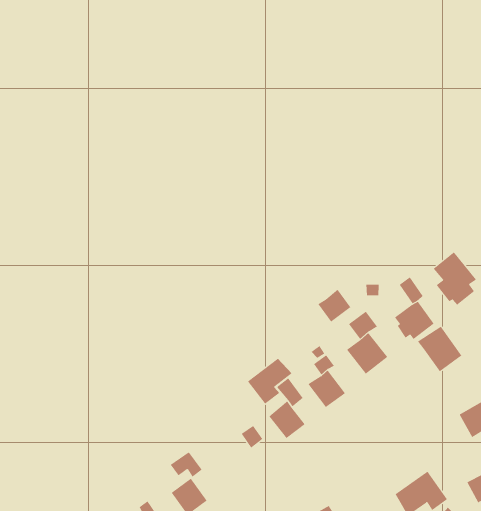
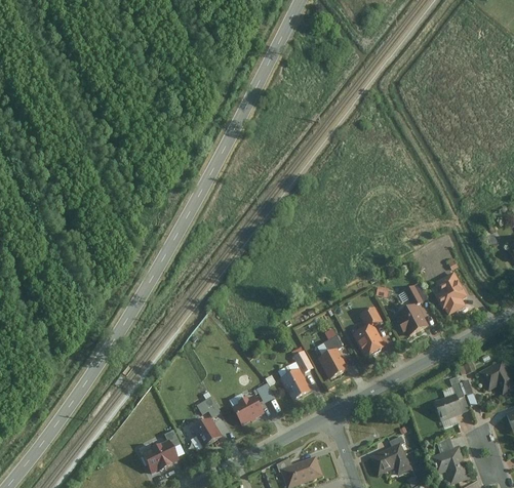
building: [318,289,351,322] -> none
building: [417,326,462,372] -> none
building: [247,358,293,404] -> none
building: none -> [230,392,263,423]

